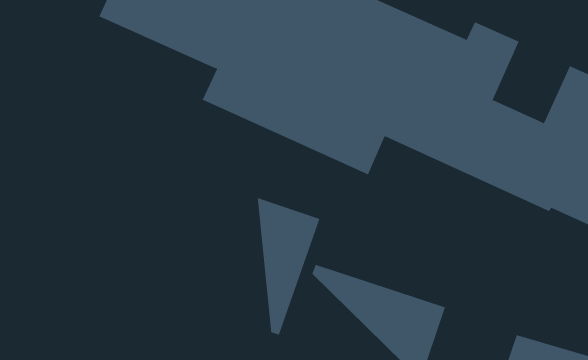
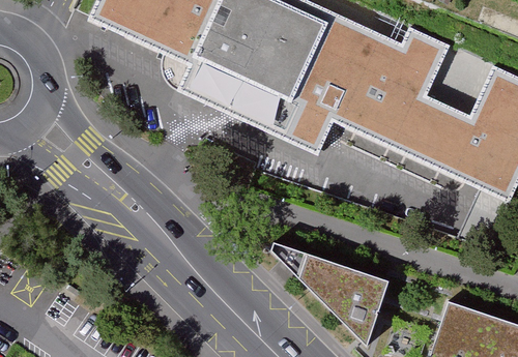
building: [257,197,320,335] -> none

